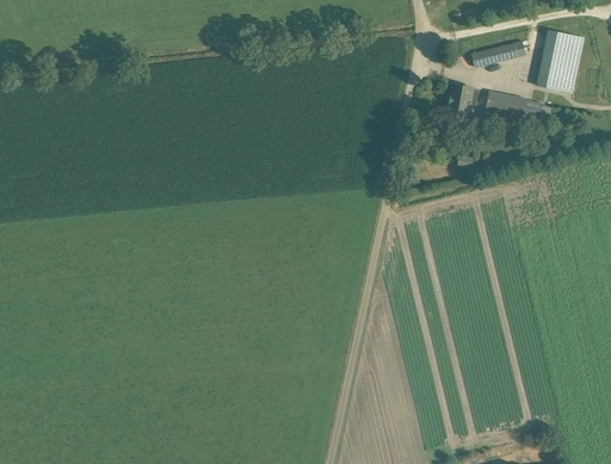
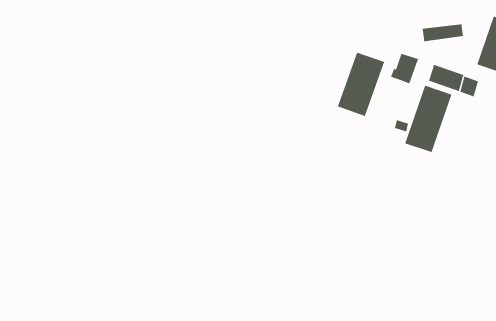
building: none -> [337,52,385,117]
building: none -> [404,85,452,153]

